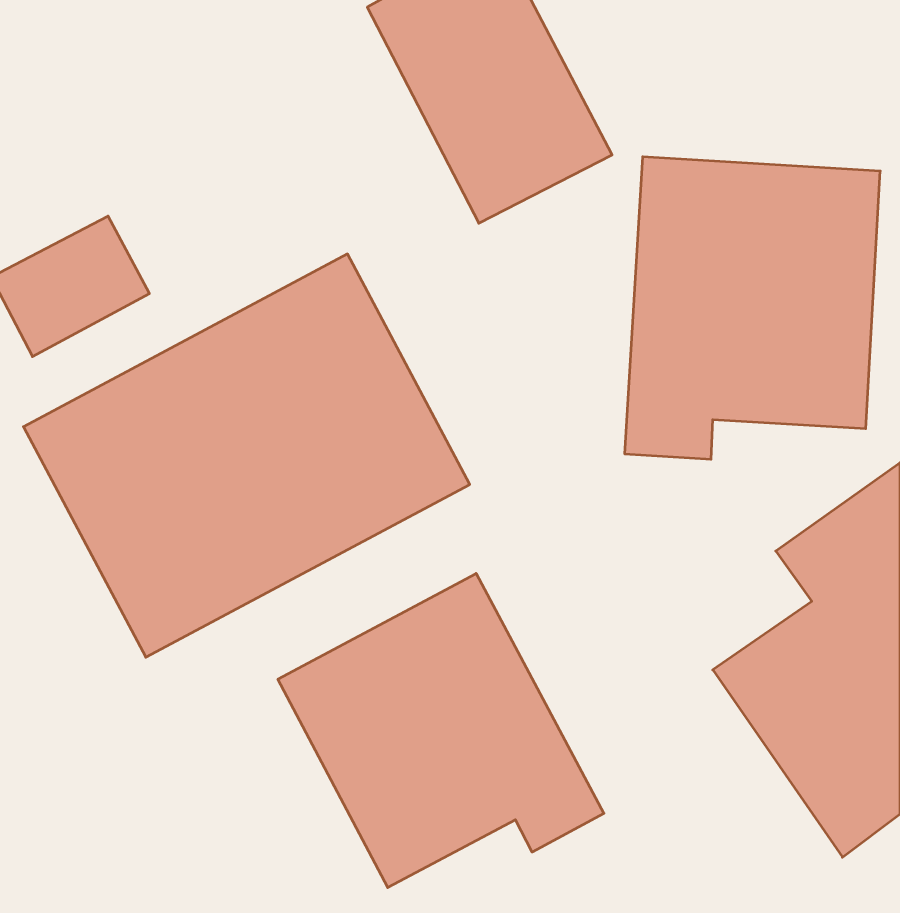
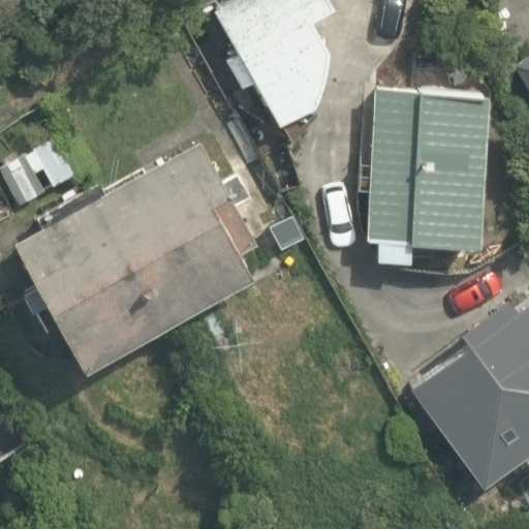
building: [278,573,604,888] -> none

